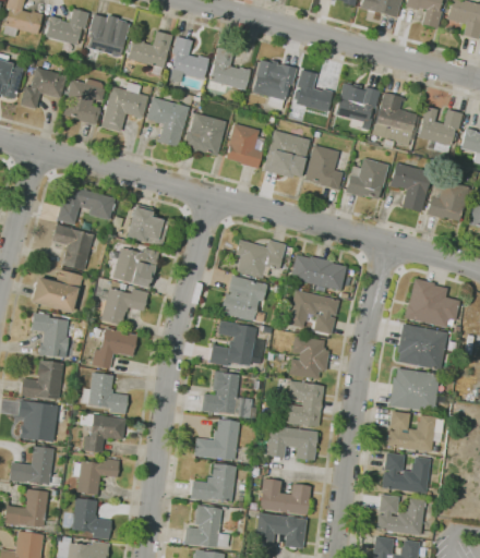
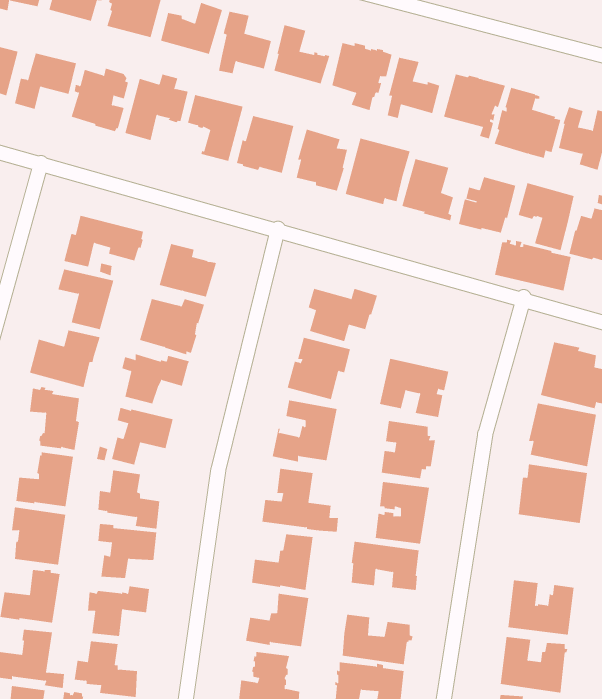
building: [290,253,347,291] -> [494,239,572,291]
building: [388,412,445,451] -> none

